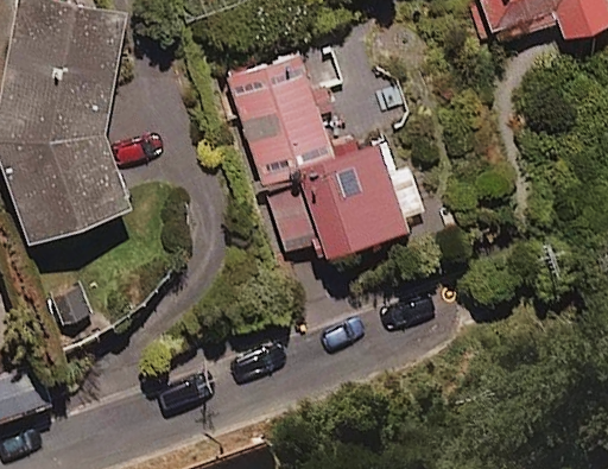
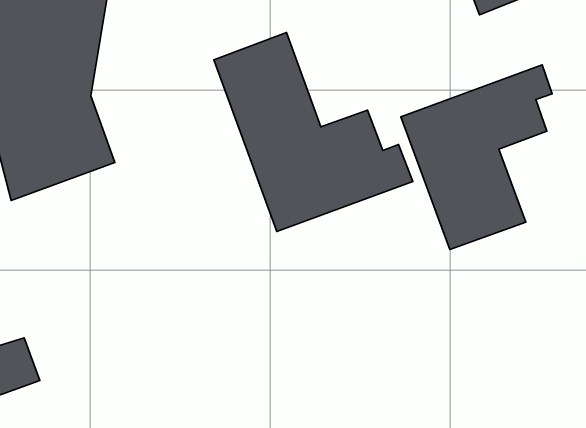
building: none -> [401,65,552,250]

